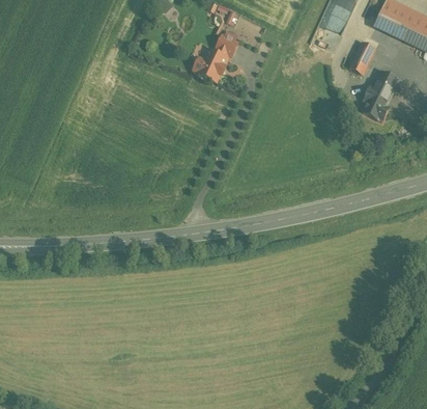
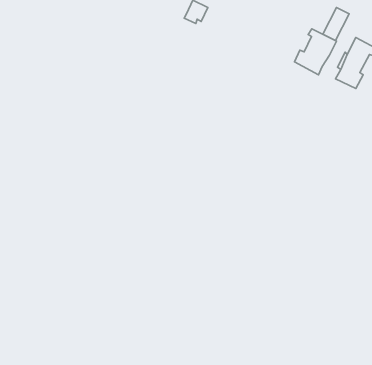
building: [194,49,227,80] -> none
building: none -> [294,29,337,75]

